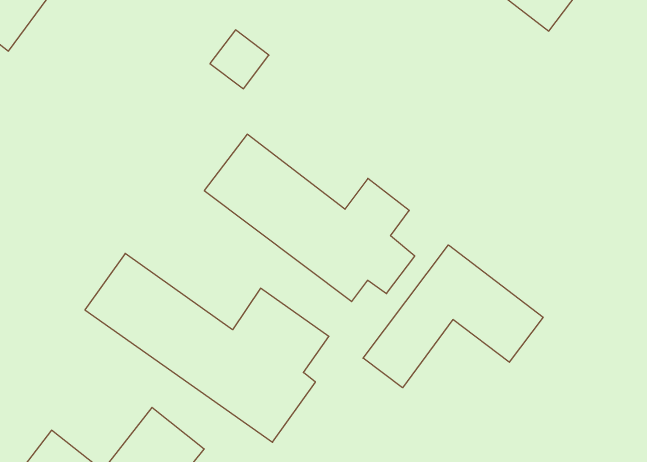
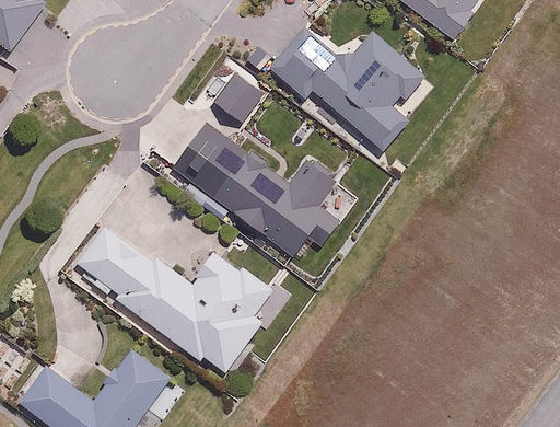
building: none -> [265,24,422,155]
building: [210,30,269,89] -> [214,76,262,124]
building: [363,245,543,388] -> none

